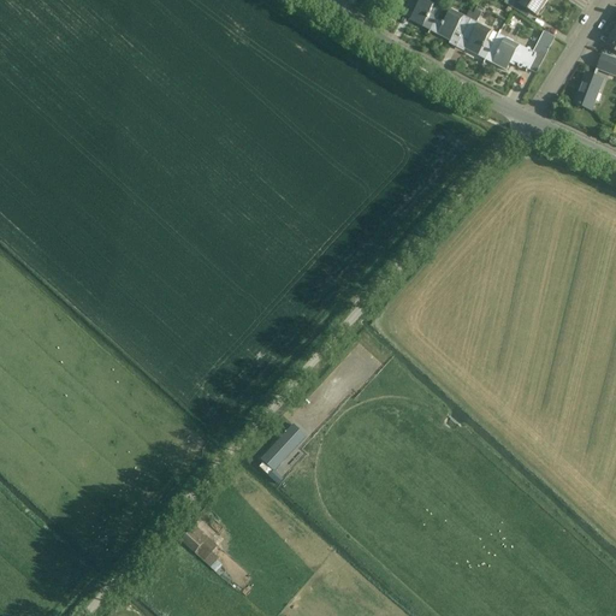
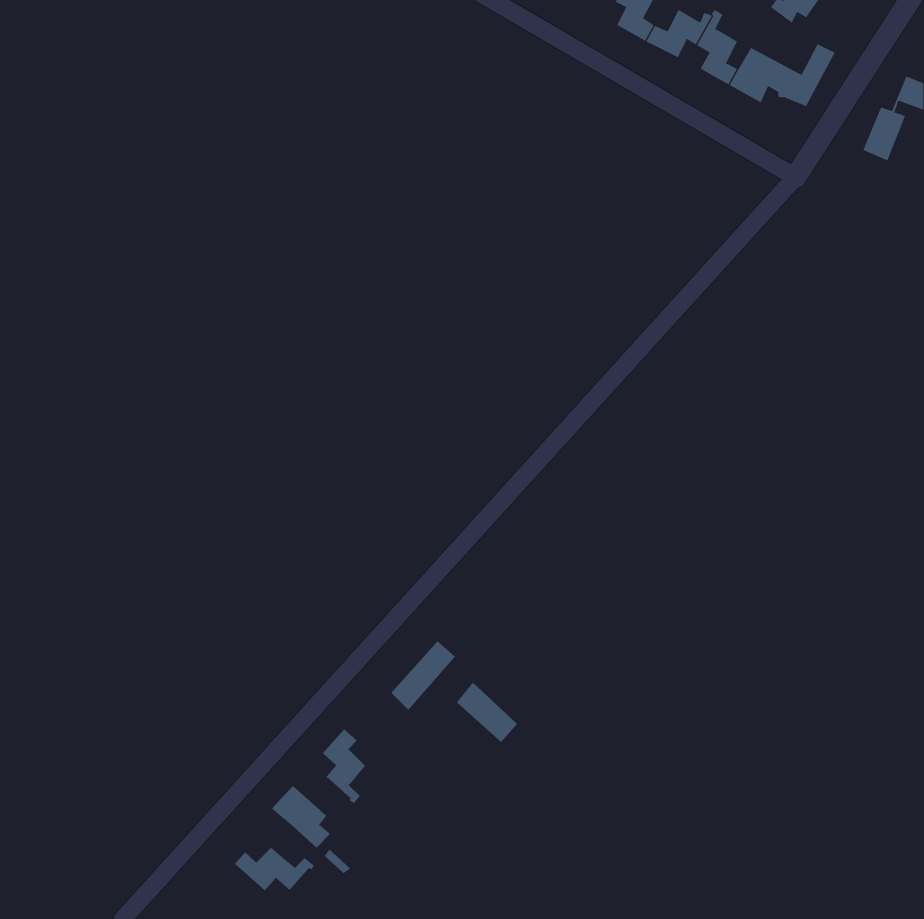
building: none -> [456,682,518,743]
building: none -> [322,728,366,804]
building: none -> [234,847,315,891]

